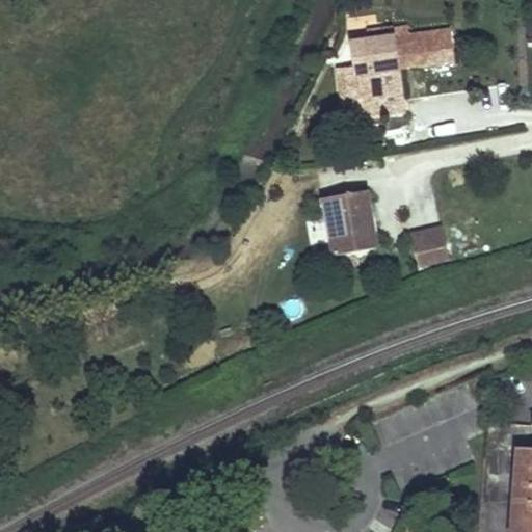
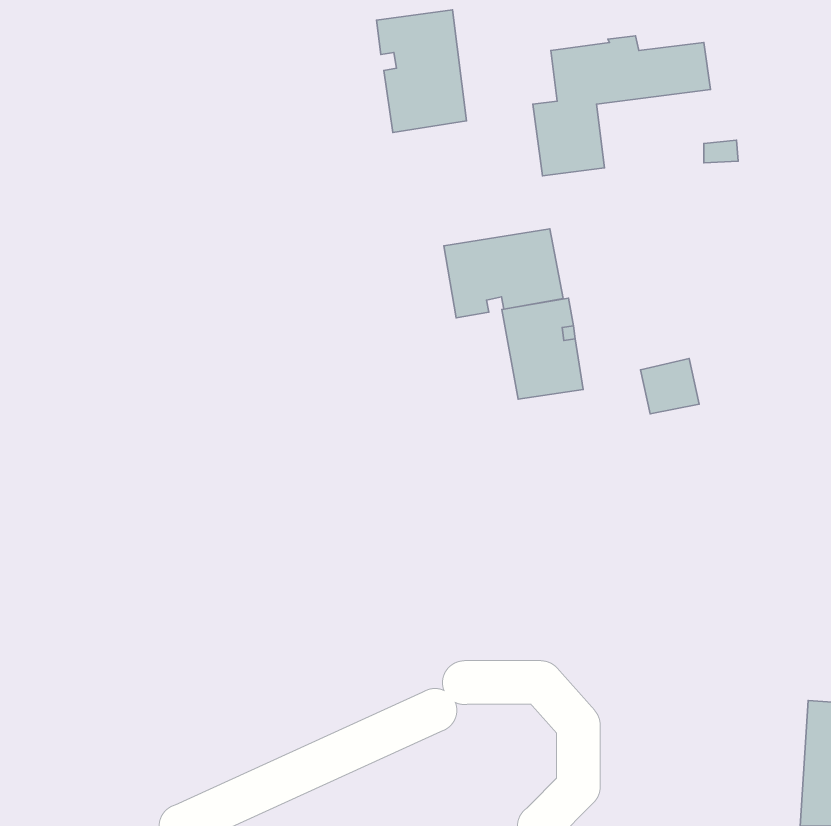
building: none -> [376,10,466,132]
building: none -> [444,229,563,318]

